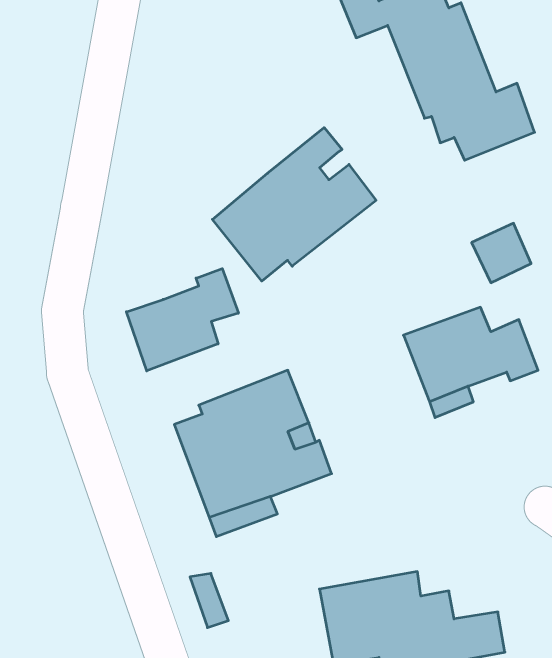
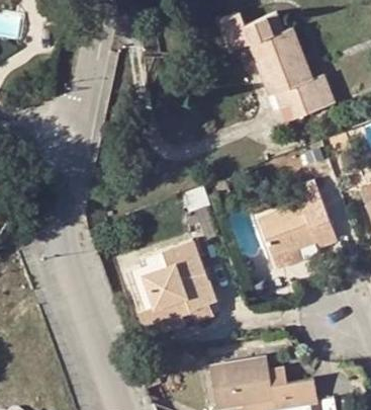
building: [212,128,376,281] -> none
building: [126,269,238,371] -> none

